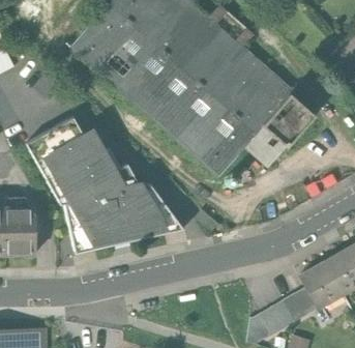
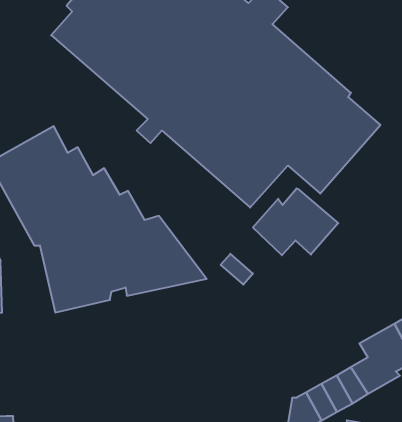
building: none -> [253,188,338,255]

